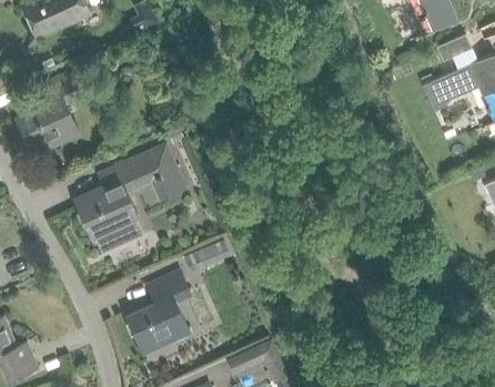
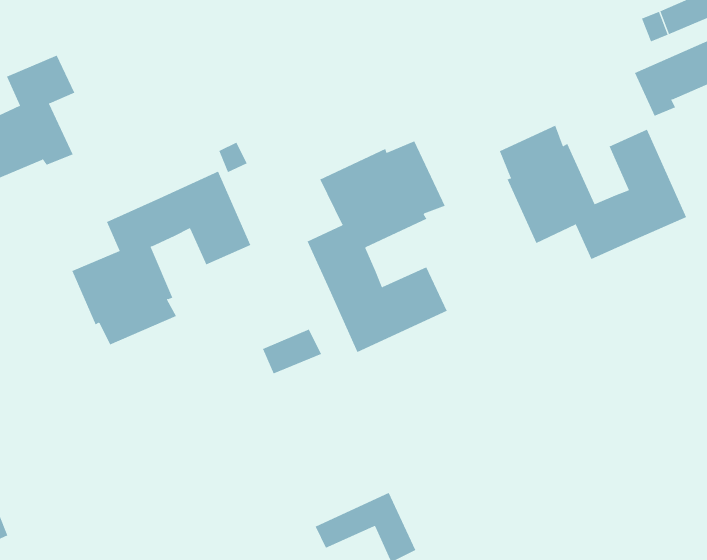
building: none -> [499,125,687,260]
building: none -> [307,141,447,353]
building: [128,272,191,349] -> none

